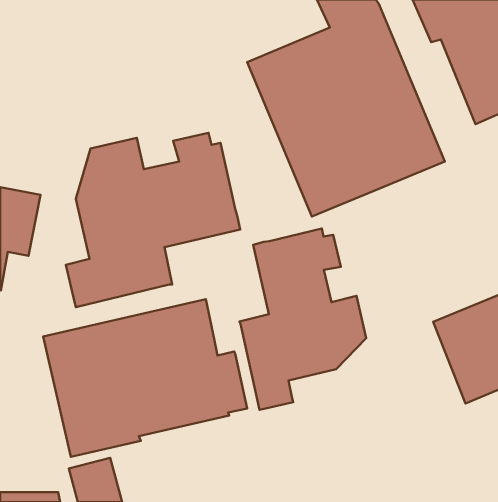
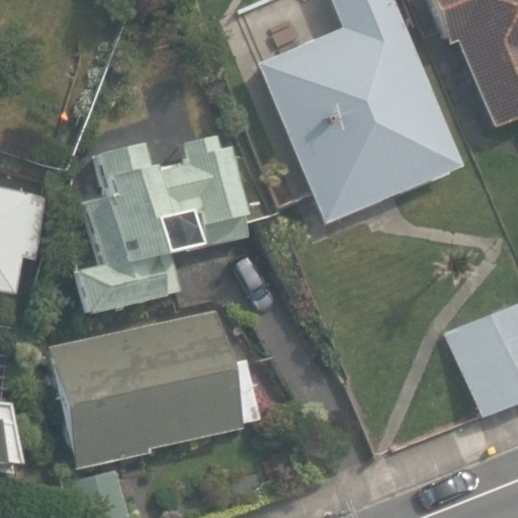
building: [239,229,366,410] -> none

